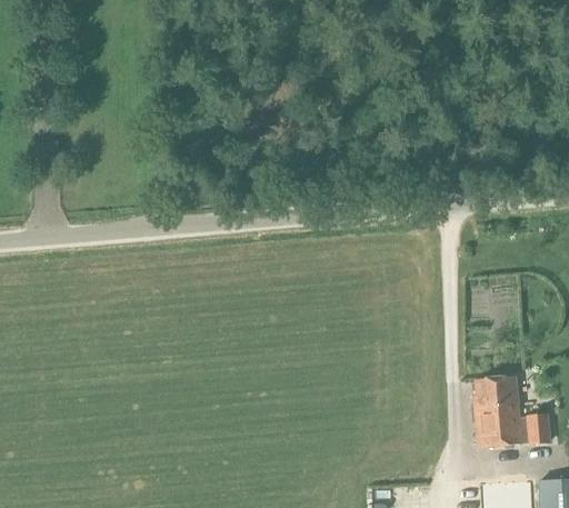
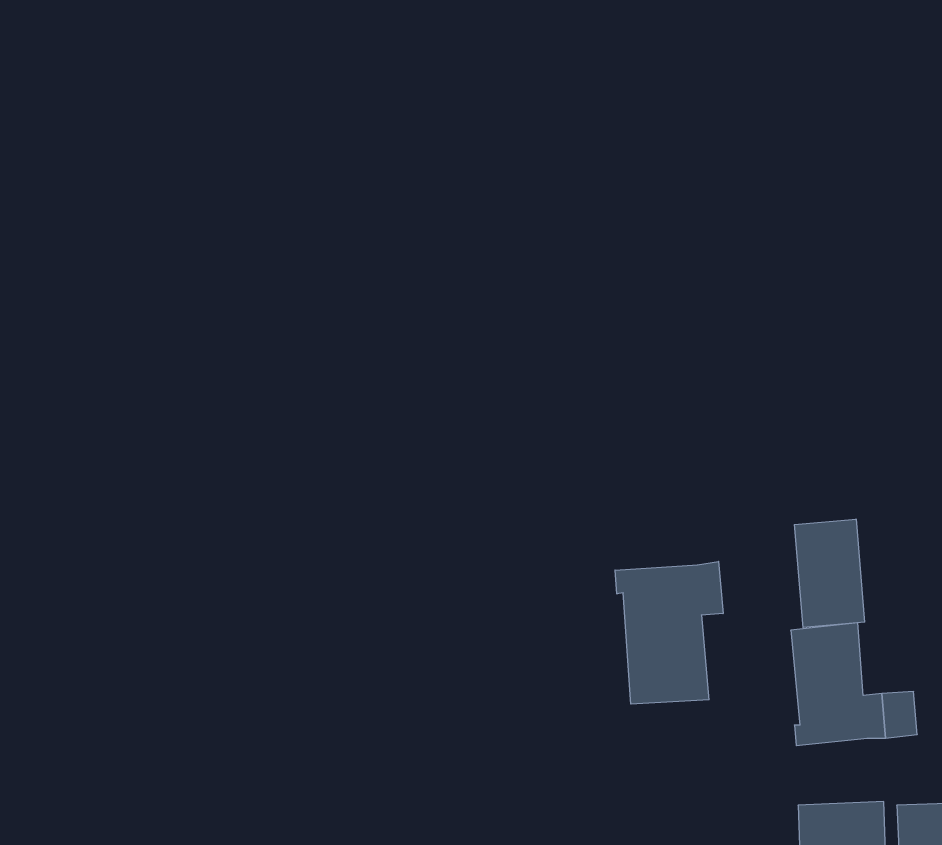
building: none -> [794,519,865,628]
building: none -> [615,561,723,704]

